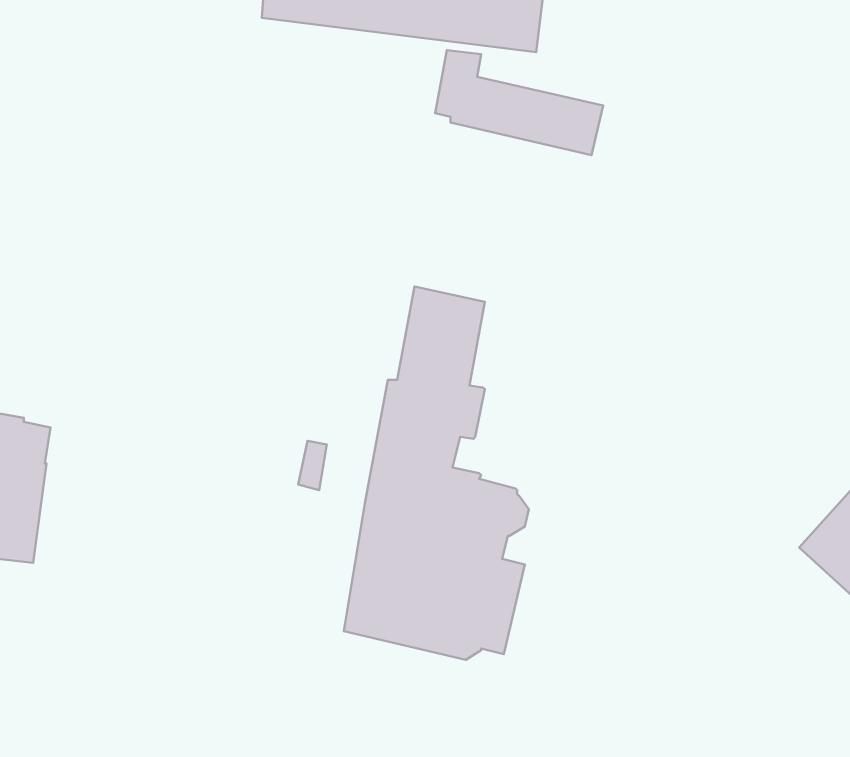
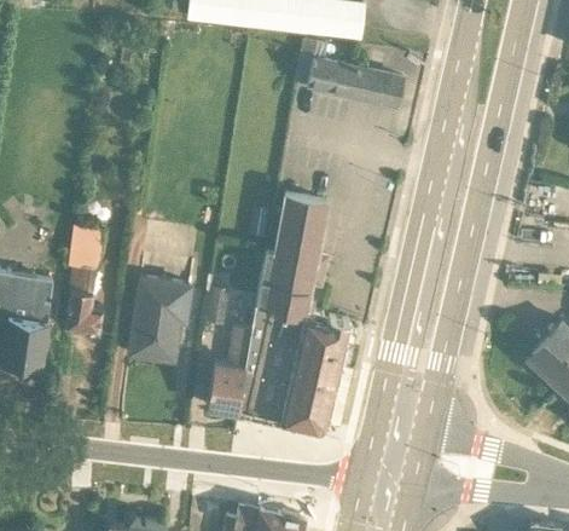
building: none -> [64,225,106,336]
building: none -> [127,276,193,363]
building: none -> [207,327,252,414]

